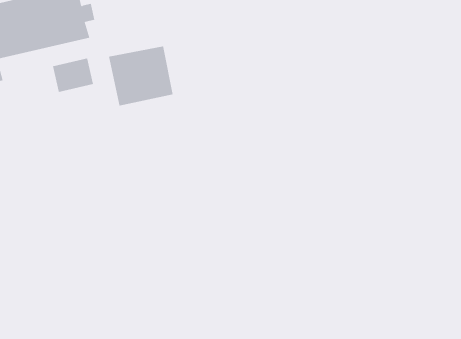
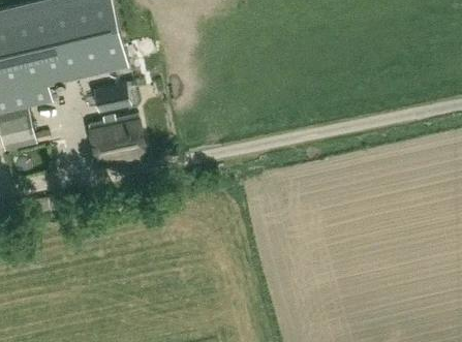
building: [108,46,173,106] -> [88,113,145,165]

